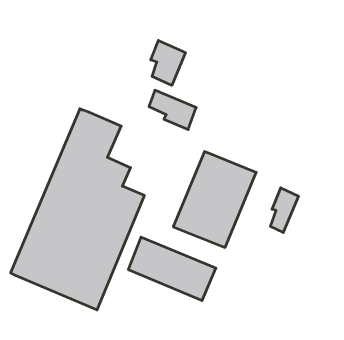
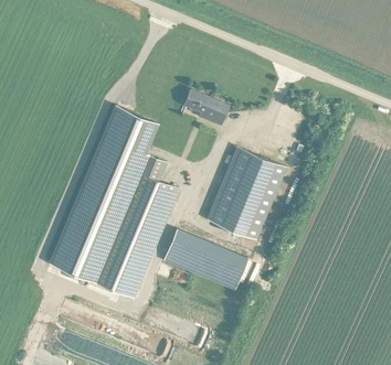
building: [151,40,185,85] -> none
building: [270,188,298,233] -> none

